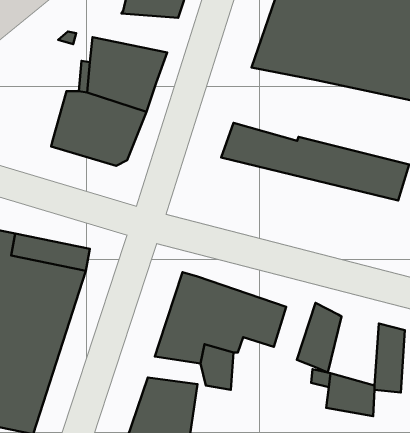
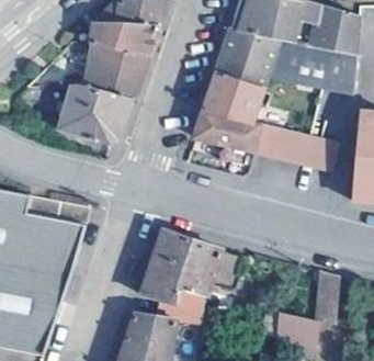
building: none -> [89,20,157,54]
building: none -> [201,66,267,124]
building: [297,303,341,373] -> none

